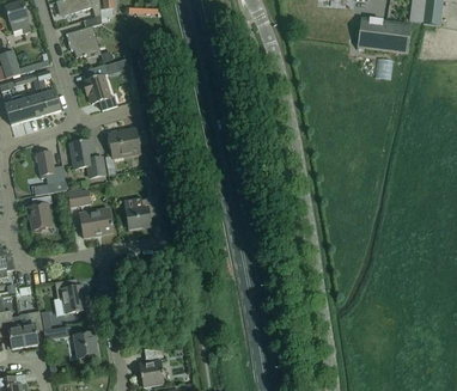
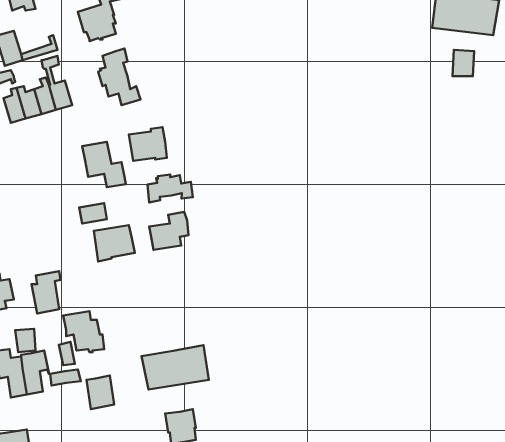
building: [35,151,65,184] -> none
building: none -> [147,174,193,203]
building: [28,195,51,230] -> [31,271,61,313]
building: none -> [142,345,209,389]

